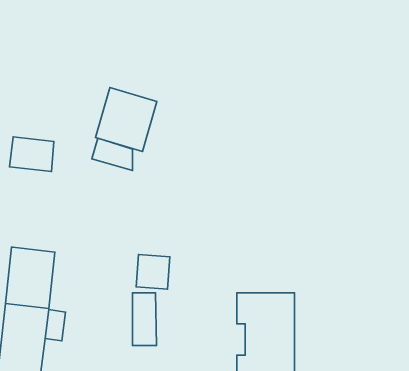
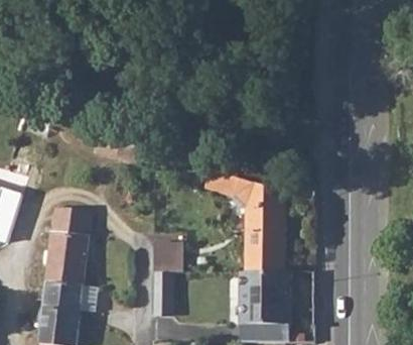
building: [95,88,157,151] -> none
building: [9,137,54,172] -> [51,208,89,237]
building: none -> [204,168,284,271]

